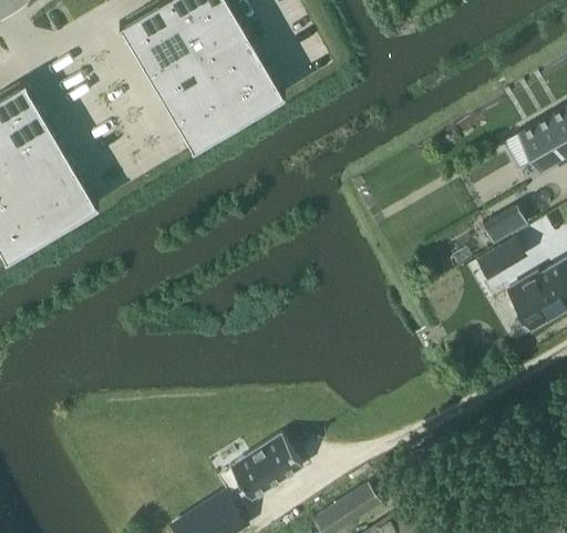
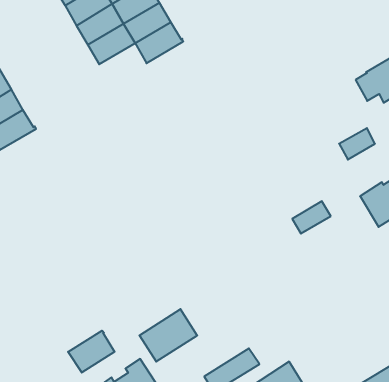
building: [177,100,237,152] -> none
building: [476,240,525,281] -> [292,201,331,234]
building: none -> [68,331,115,373]

